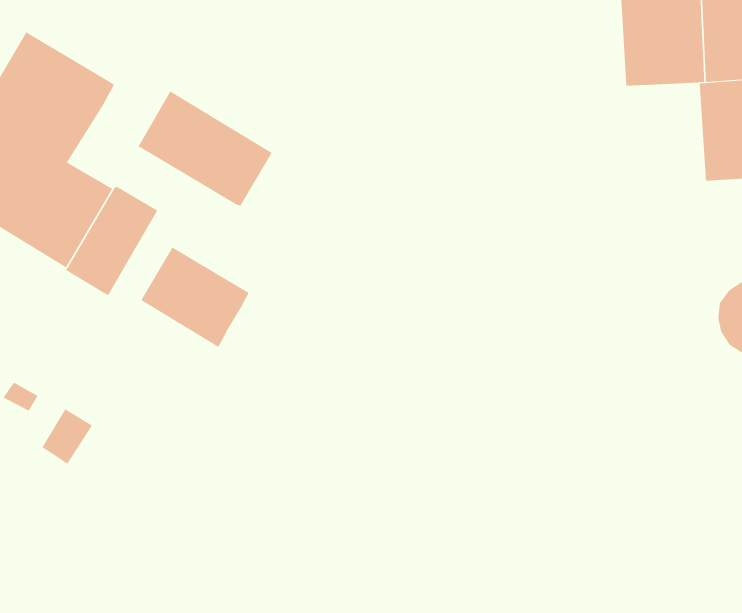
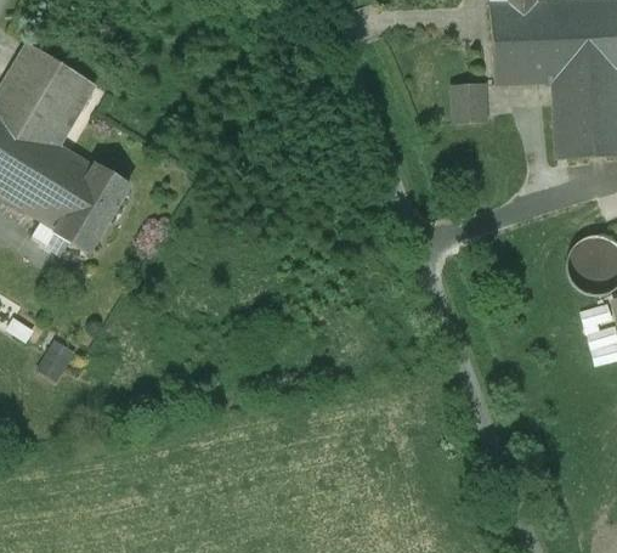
building: none -> [452,83,486,122]
building: [137,91,273,206] -> none
building: [141,247,249,348] -> none

